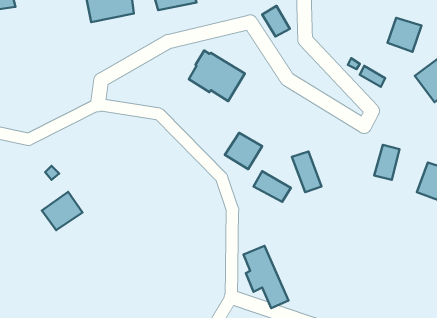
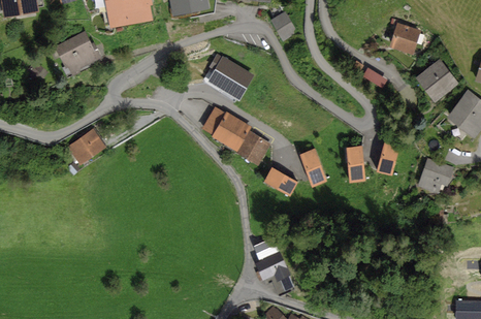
building: none -> [55,32,101,72]
building: none -> [201,106,252,152]
building: none -> [346,146,366,183]
building: [42,192,82,230] -> [68,128,106,164]

